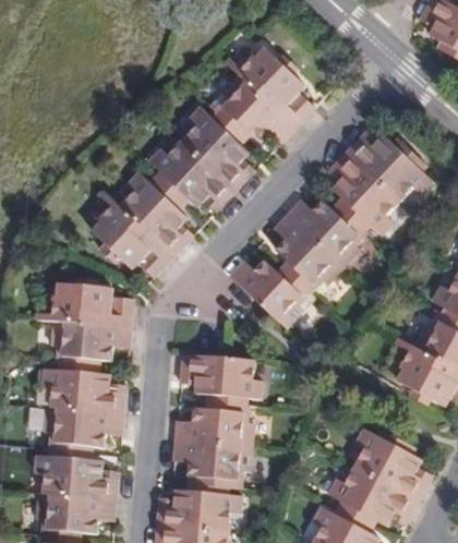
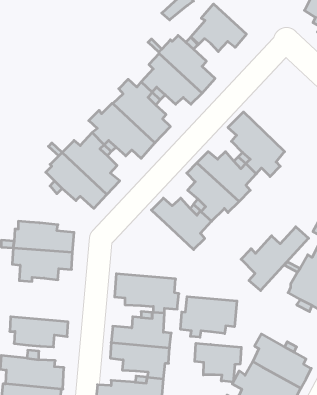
building: none -> [191,4,246,52]
building: [343,128,427,198] -> none
building: none -> [241,227,309,291]
building: [48,362,123,414] -> none
building: none -> [181,297,237,337]
building: none -> [195,343,241,382]

